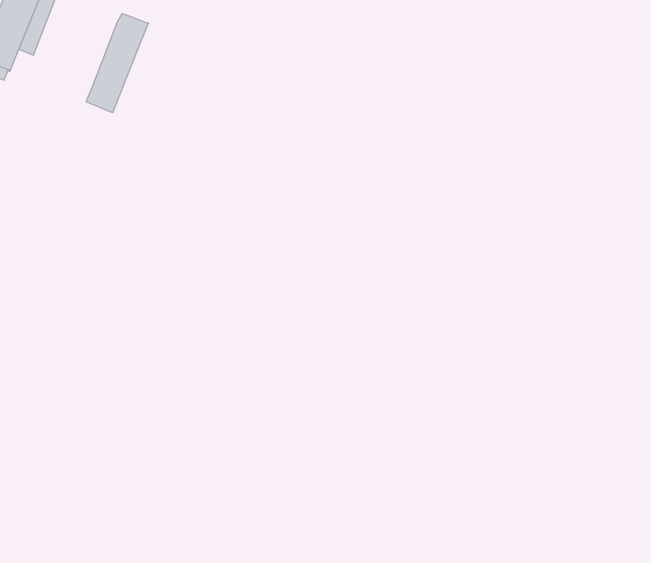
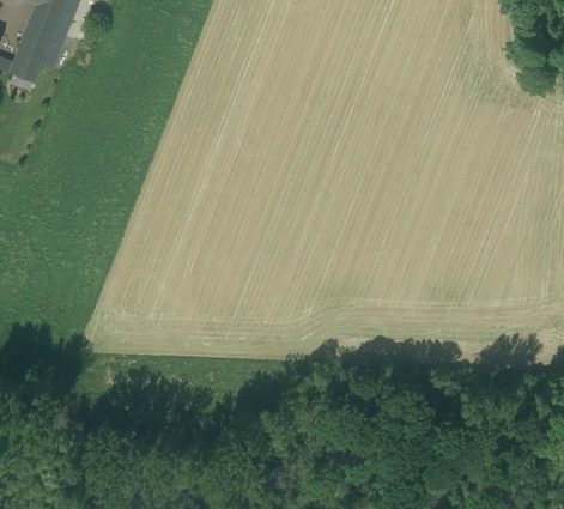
building: [86,14,148,113] -> none

